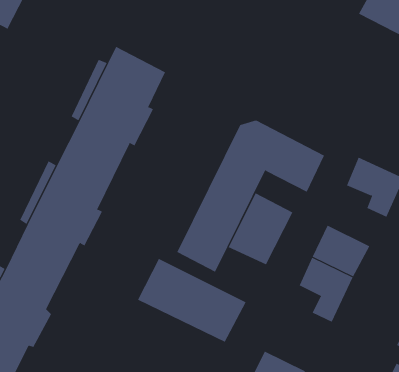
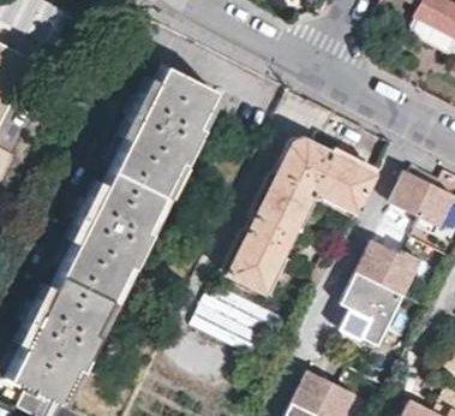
building: [228,192,293,265] -> none

